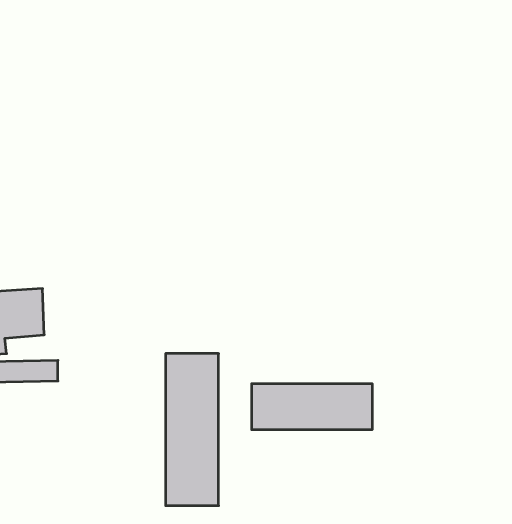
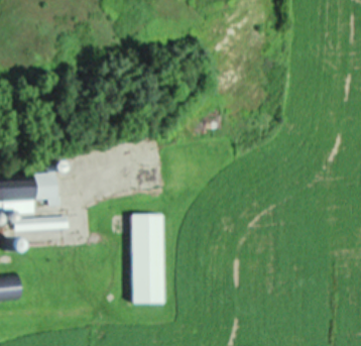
building: [252,384,372,430] -> none

